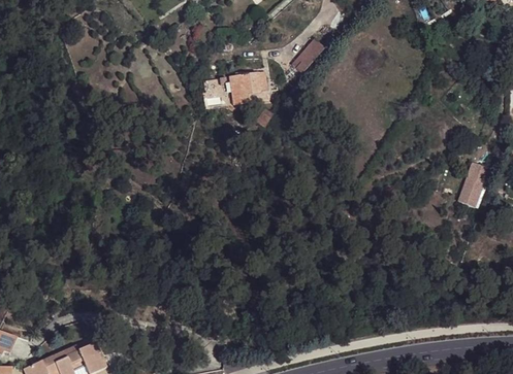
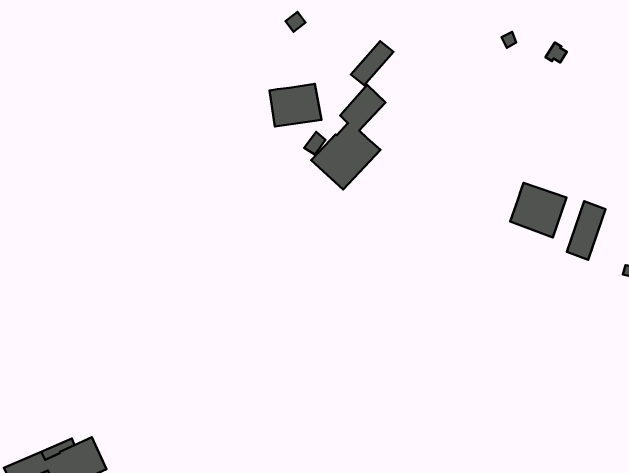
building: none -> [311,85,386,190]
building: none -> [510,183,566,237]

